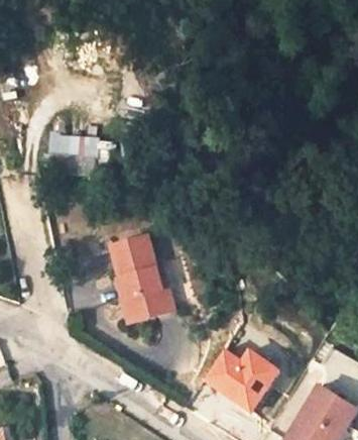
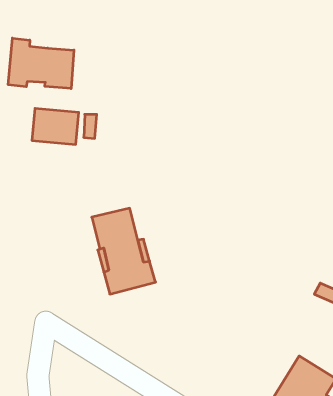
building: none -> [8,38,74,89]
building: [205,348,277,410] -> none

